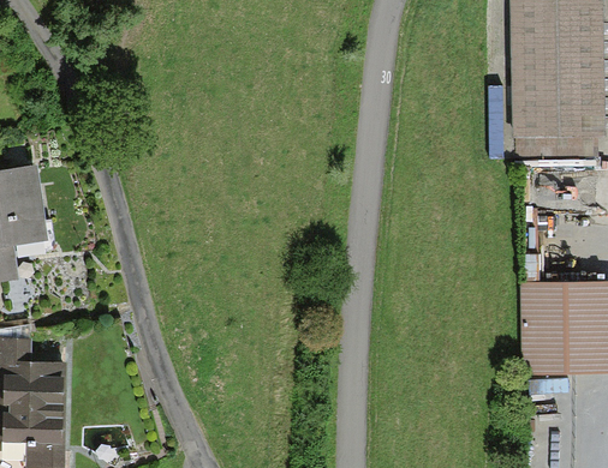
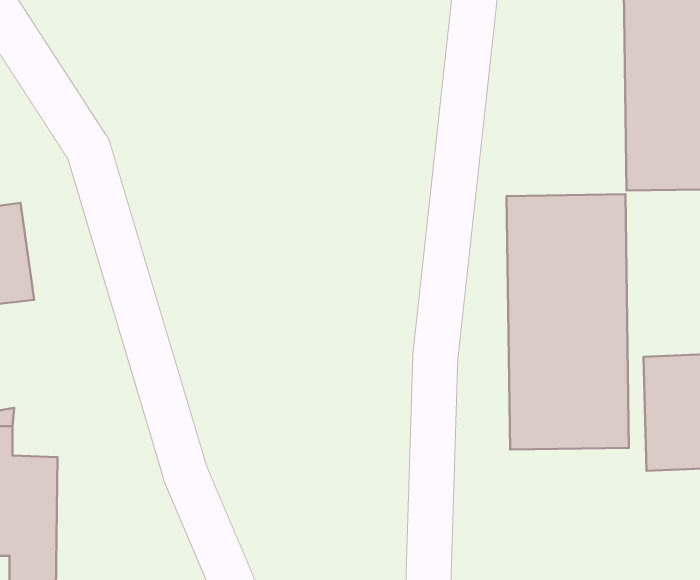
building: none -> [507,194,629,450]

